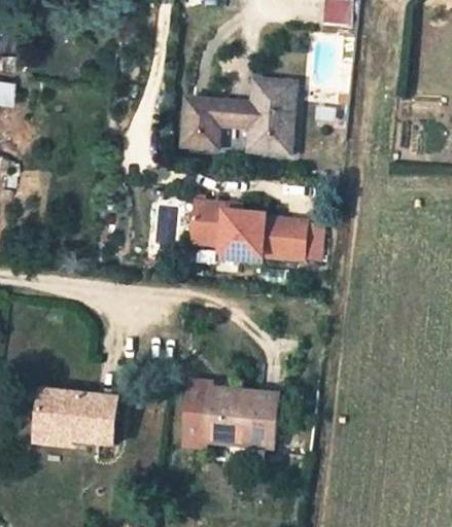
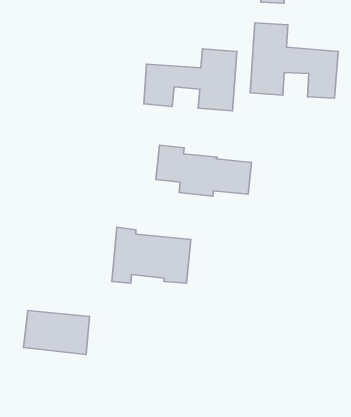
building: none -> [250,23,338,98]
building: [185,382,280,449] -> [112,227,191,283]

